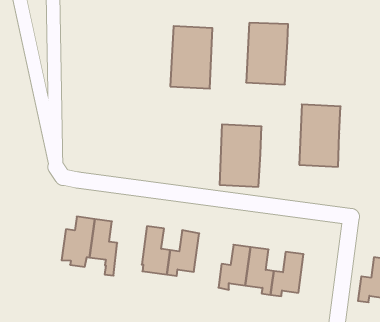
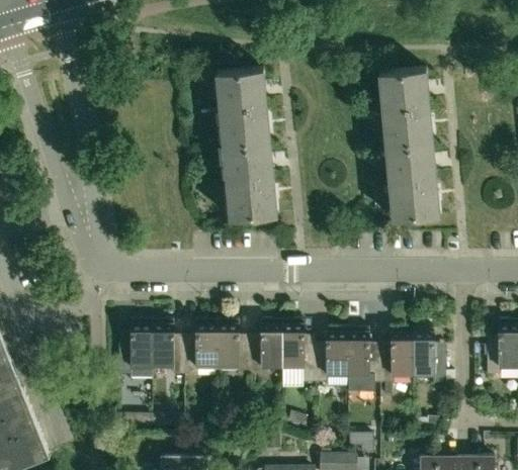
building: [246,23,288,84] -> [378,71,432,149]
building: [220,124,262,187] -> [222,145,276,222]
building: none -> [183,322,217,388]
building: none -> [281,322,314,385]
building: none -> [412,331,445,386]

